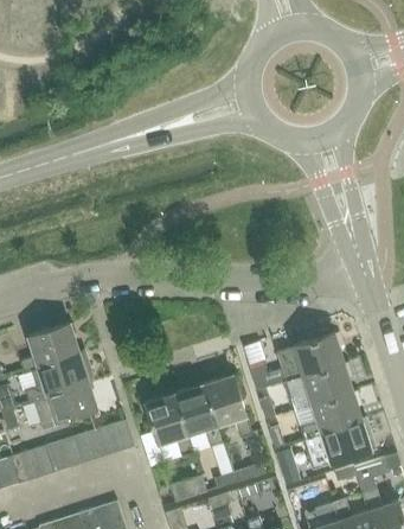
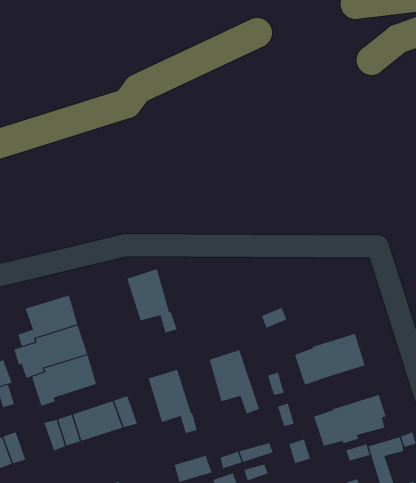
building: [250,332,342,390] -> none
building: [173,384,222,446] -> [126,269,177,333]
building: [299,390,361,439] -> none
building: [19,445,54,480] -> none

